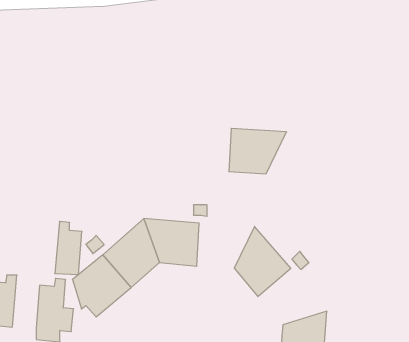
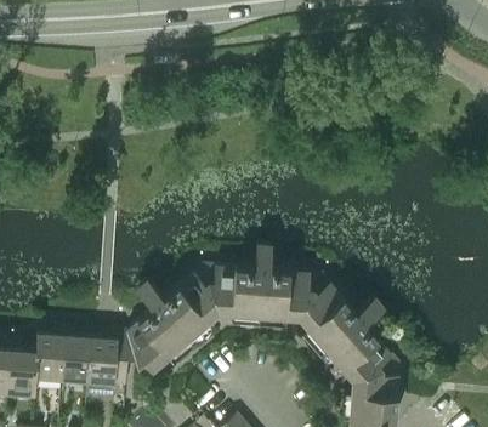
building: [229,128,287,174] -> [259,268,320,317]
building: [55,221,82,275] -> [61,324,90,381]
building: none -> [324,317,398,377]

